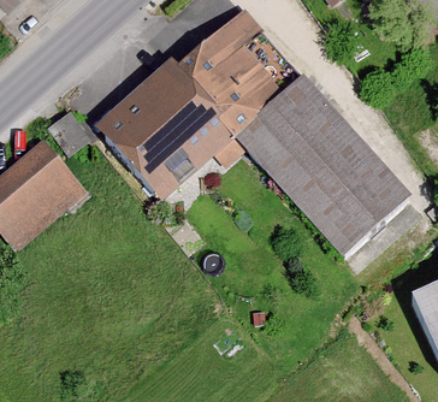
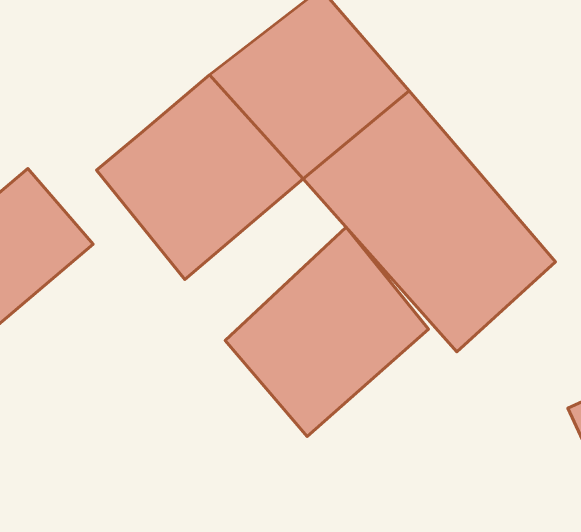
building: none -> [225,227,428,437]

